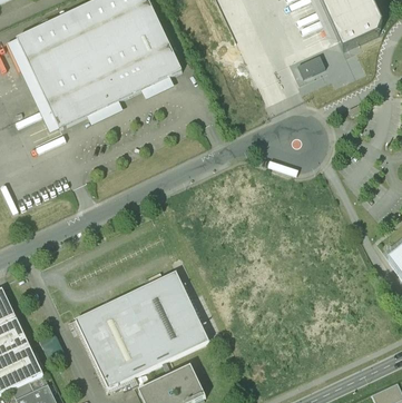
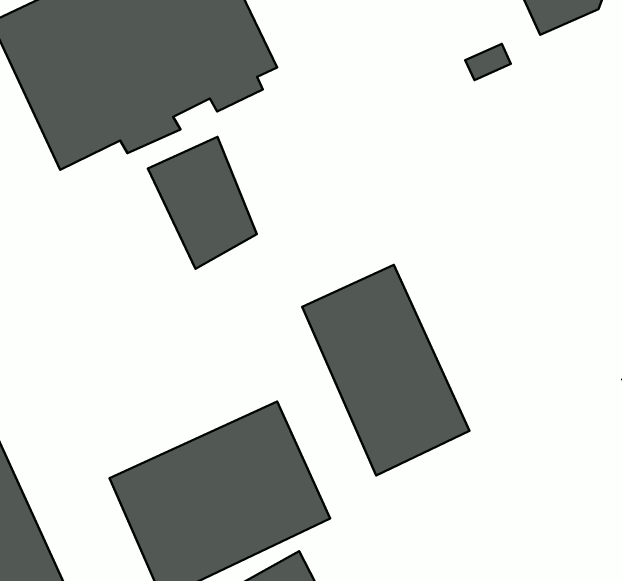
building: none -> [148,137,257,269]
building: none -> [302,265,470,475]

